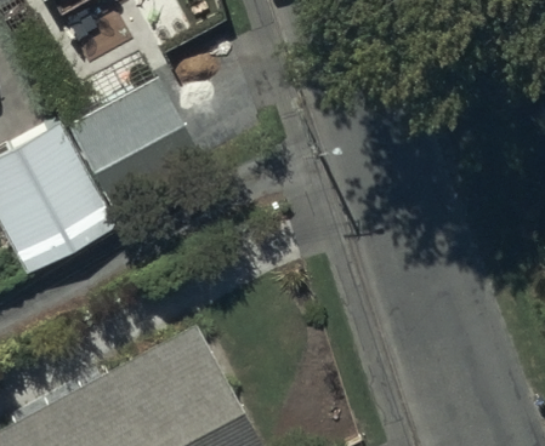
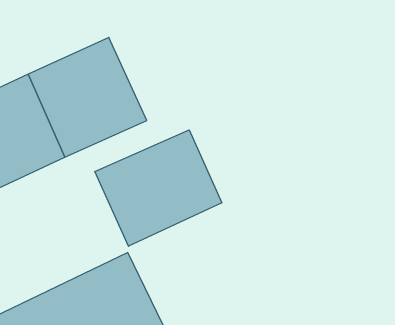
building: none -> [95,130,222,246]

